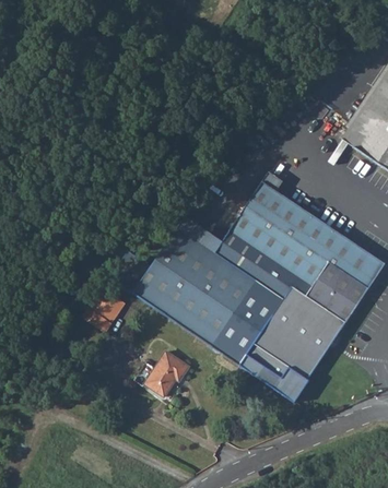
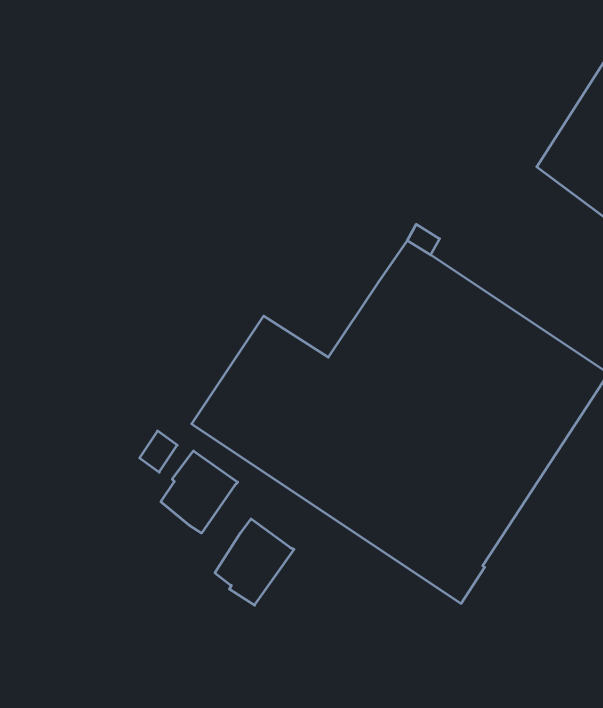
building: none -> [161,451,238,533]

